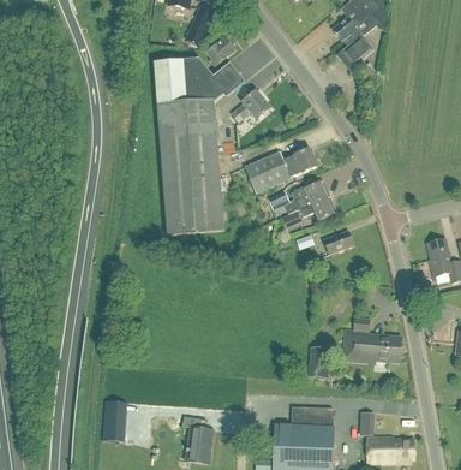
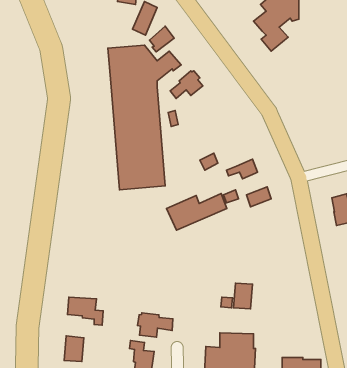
building: [244,148,317,192] -> [167,193,227,230]
building: [293,180,330,209] -> none
building: [343,320,400,362] -> none
building: none -> [67,297,103,325]
building: none -> [138,313,173,337]

